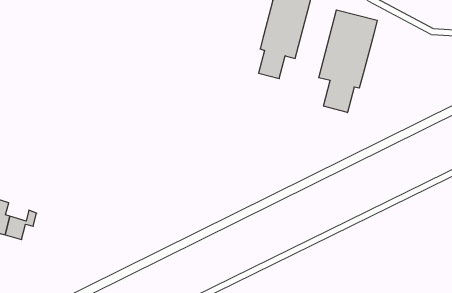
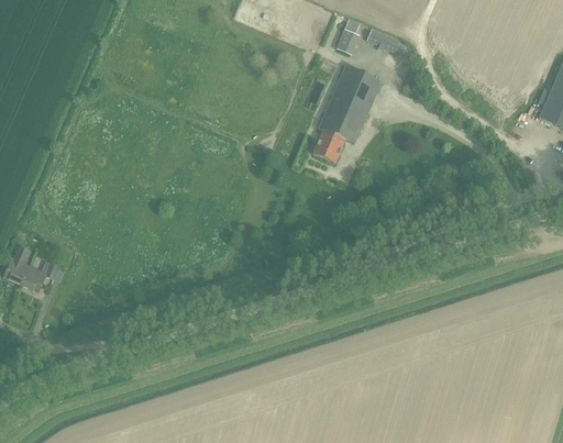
building: [319,10,377,113] -> none

